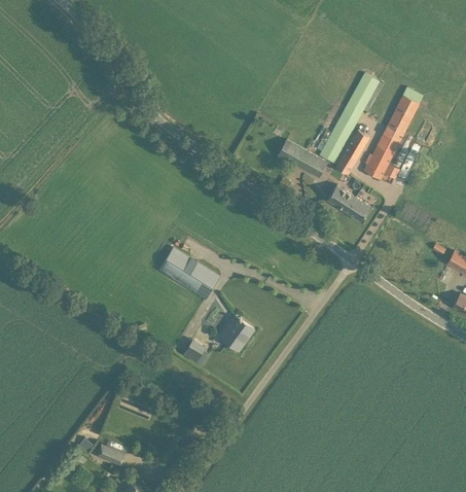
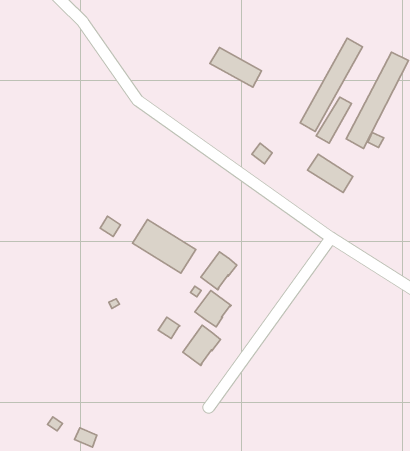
building: [277,140,326,178] -> [210,47,261,87]
building: none -> [201,252,237,290]
building: none -> [183,325,221,365]

